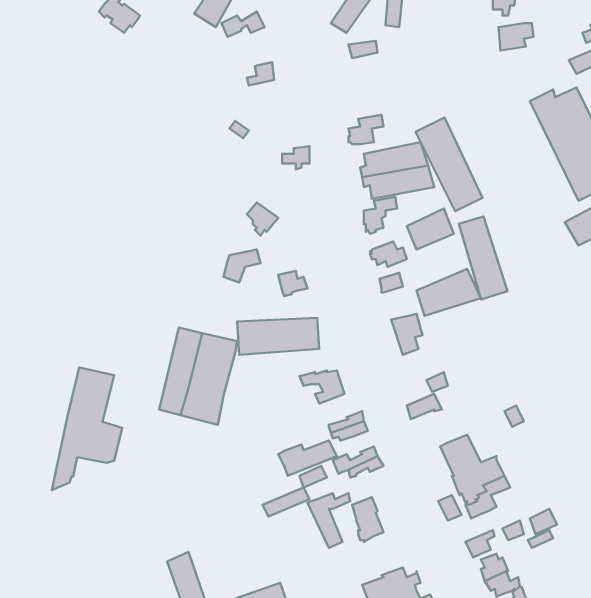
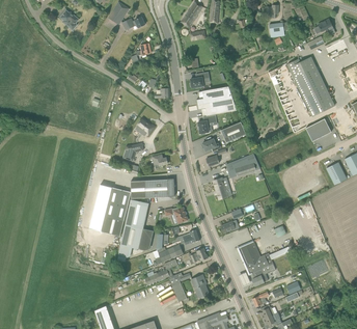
building: [415,118,482,211] -> none
building: [459,216,507,299] -> none
building: [52,367,122,490] -> [116,199,154,265]

